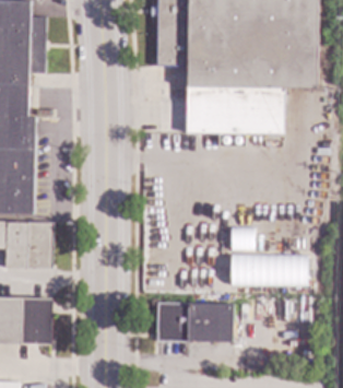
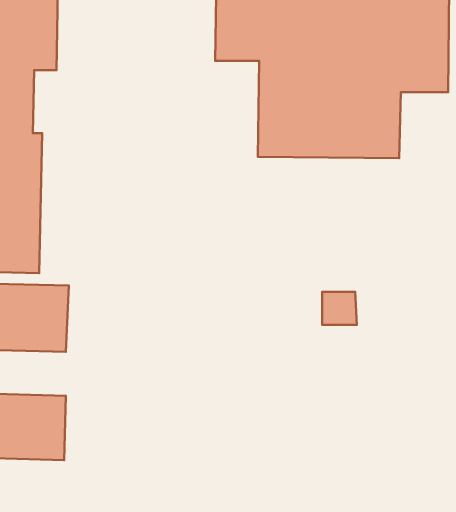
building: [229,254,308,285] -> none
building: [157,302,234,341] -> none

